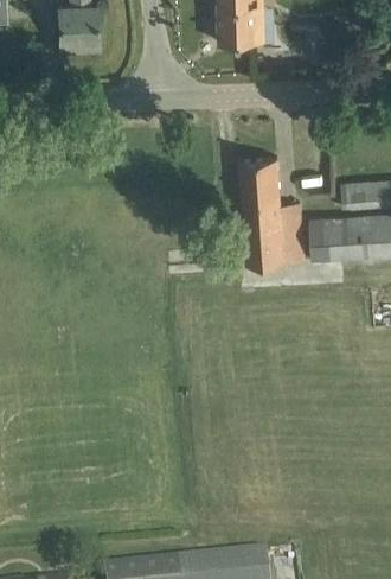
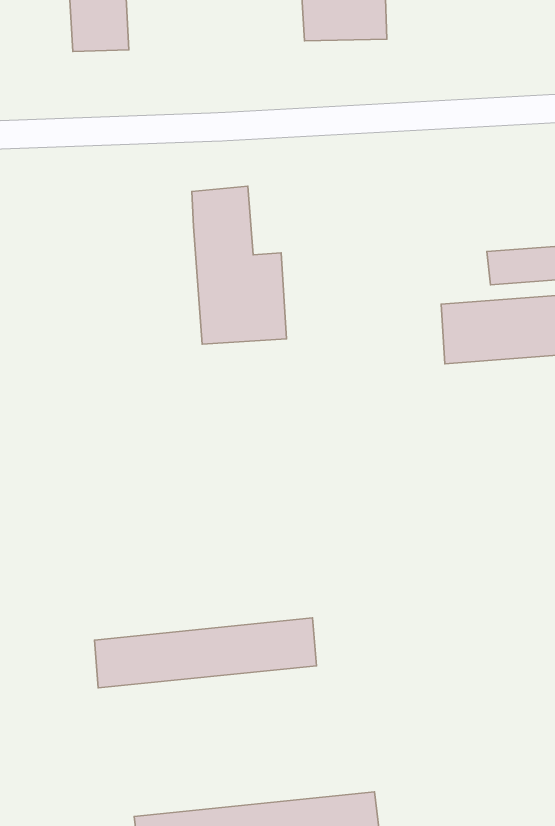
building: [239,157,303,263] -> [192,186,287,344]
building: none -> [94,618,316,688]

